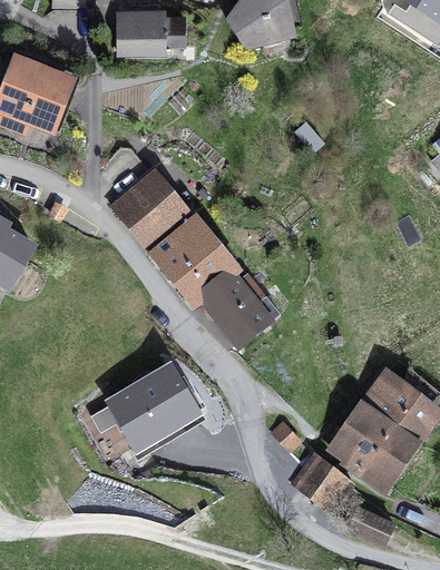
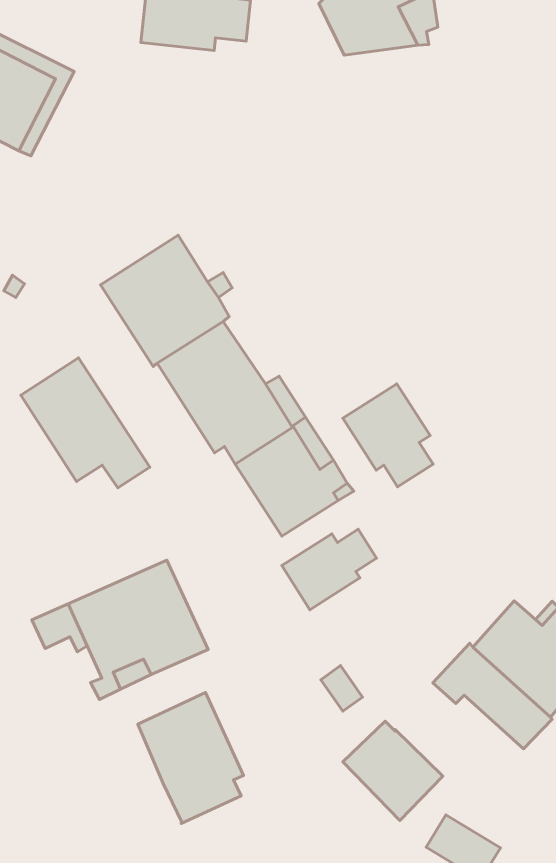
building: none -> [343,384,433,487]
building: none -> [21,358,150,488]
building: none -> [282,529,377,610]
building: [327,428,400,490] -> none
building: none -> [138,693,243,824]

